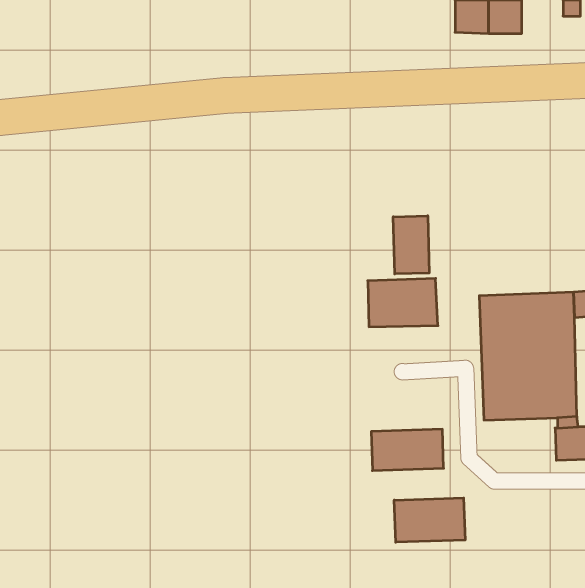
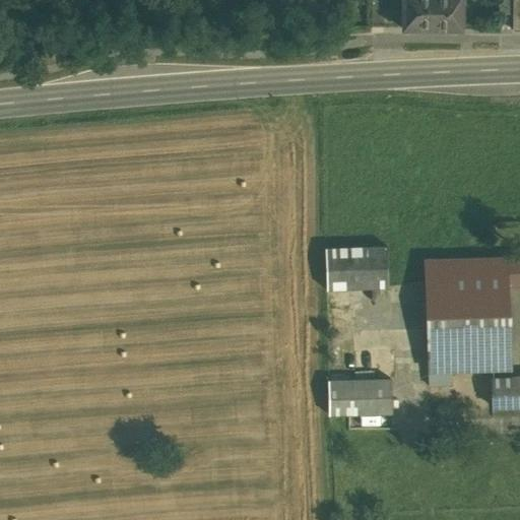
building: [393,216,429,274] -> none
building: [394,498,465,542] -> none

